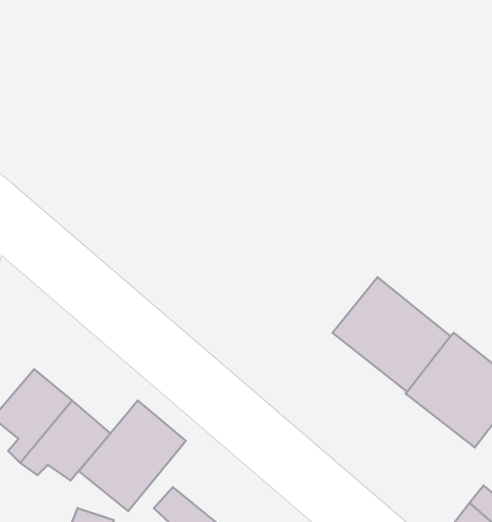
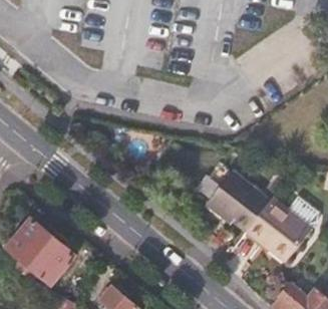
building: [79,400,186,511] -> none

